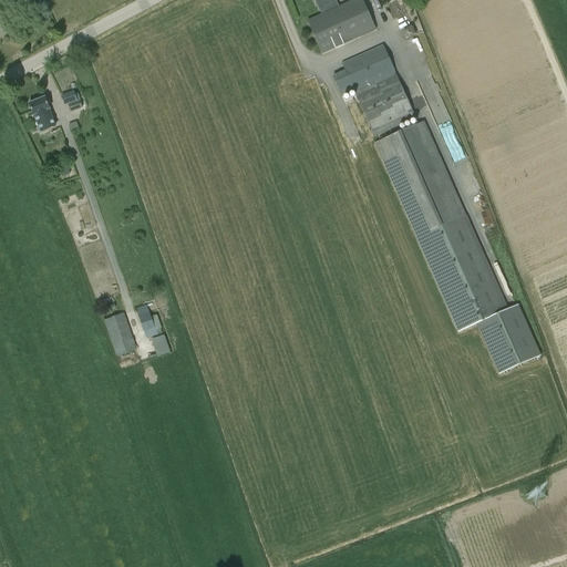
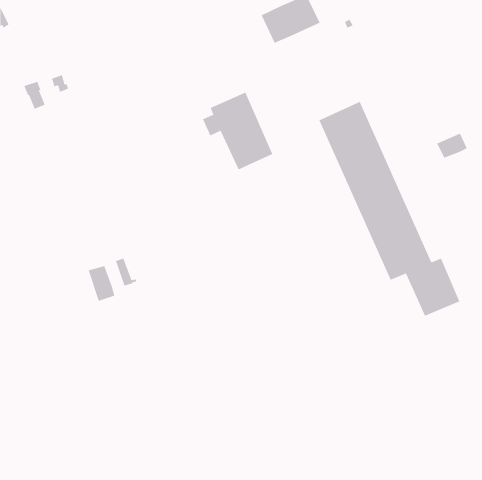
building: [331,42,414,134] -> [202,92,273,170]
building: none -> [437,133,467,159]

